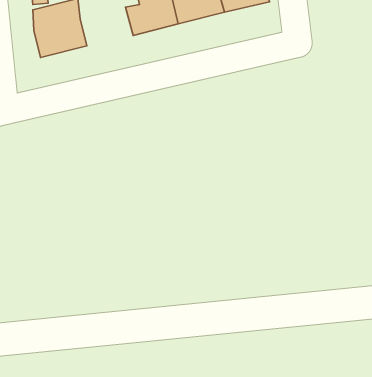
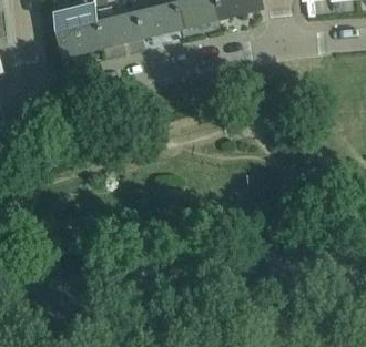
building: none -> [96,12,142,45]

